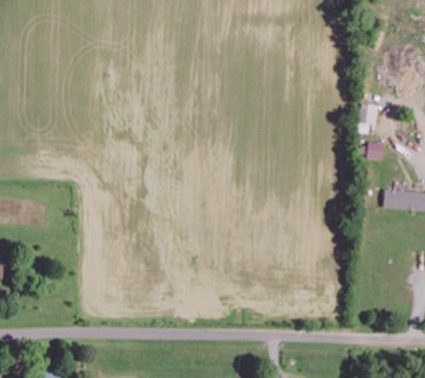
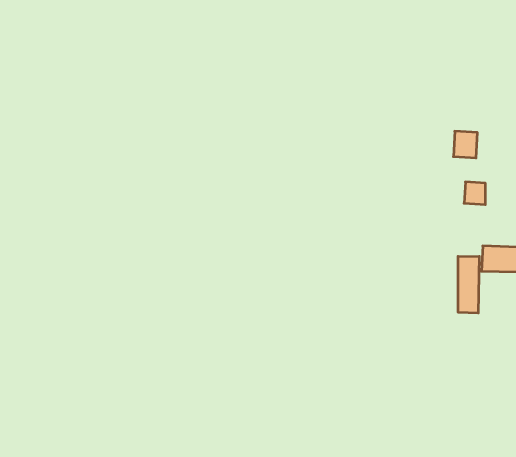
building: none -> [458,256,479,313]

